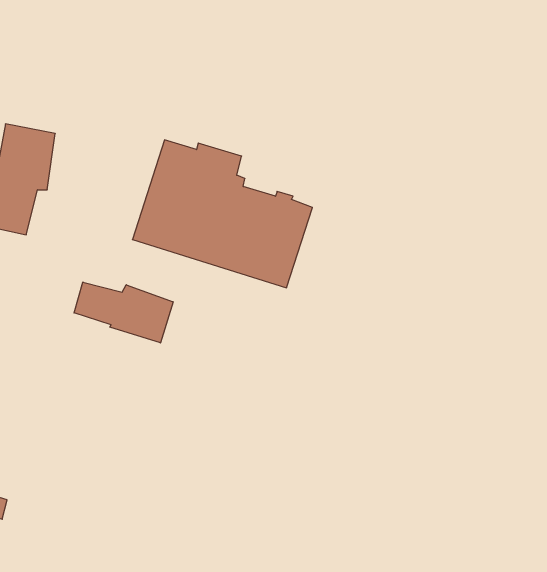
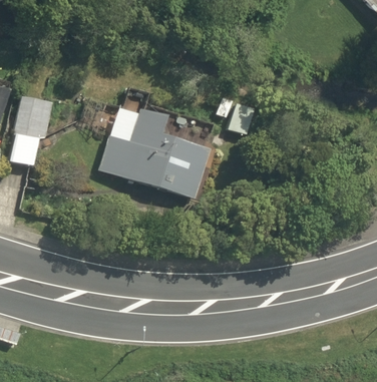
building: [74,282,173,343] -> none

